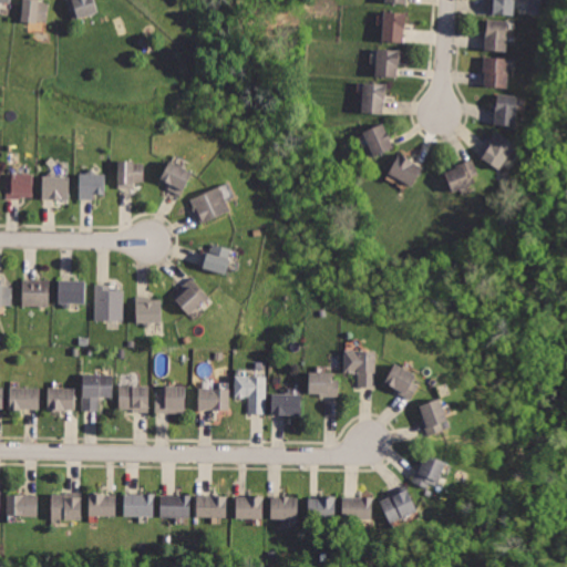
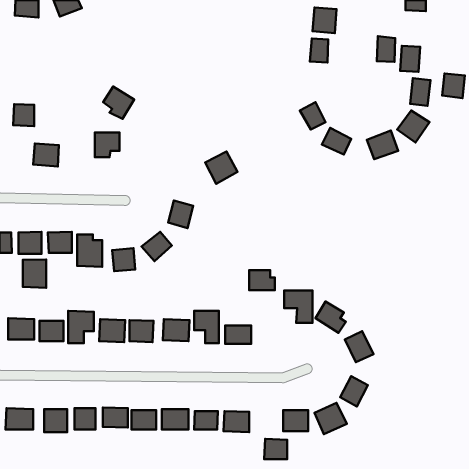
building: [485,19,507,50] -> [377,36,395,62]
building: [360,83,384,116] -> none
building: none -> [442,73,465,98]
building: [155,161,193,199] -> [103,87,134,119]
building: [7,173,32,199] -> [13,104,34,126]
building: [76,174,105,198] -> none
building: [192,187,230,226] -> [205,152,237,184]
building: none -> [23,260,46,288]
building: [306,372,337,396] -> [249,270,275,290]
building: [306,497,333,522] -> [264,439,287,459]

